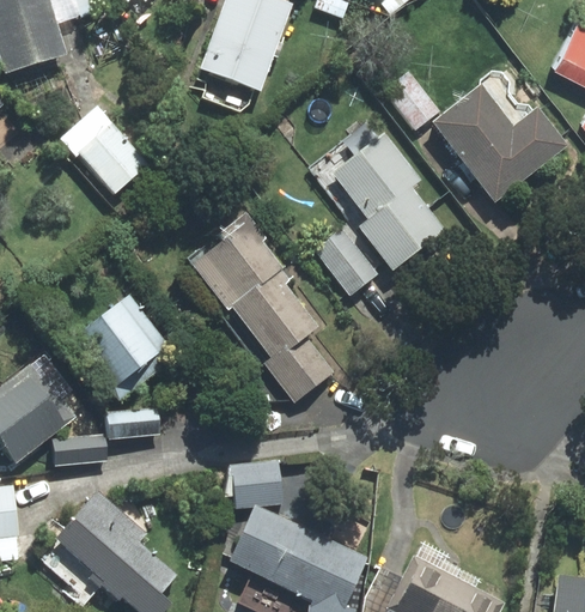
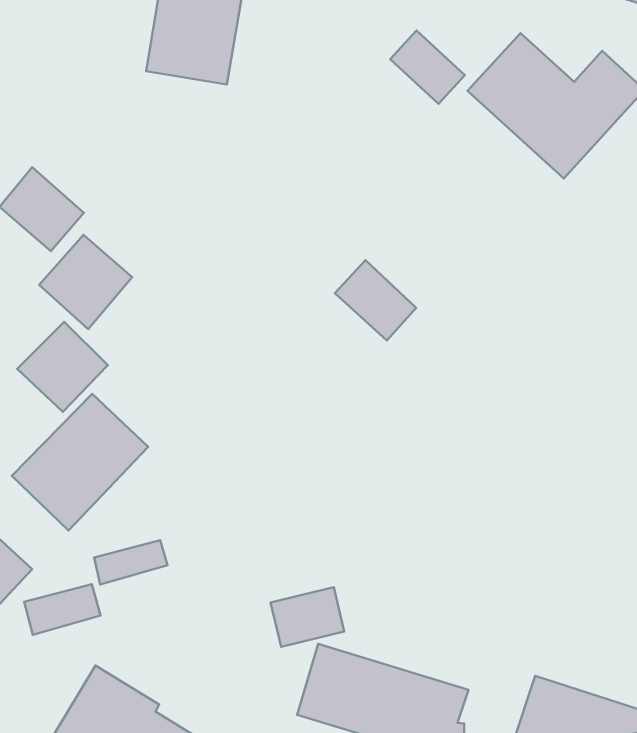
building: [335,145,440,260] -> none
building: none -> [39,235,132,329]
building: [191,228,329,401] -> none
building: none -> [17,322,108,412]

